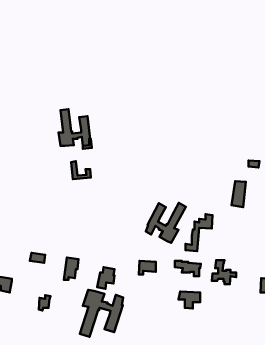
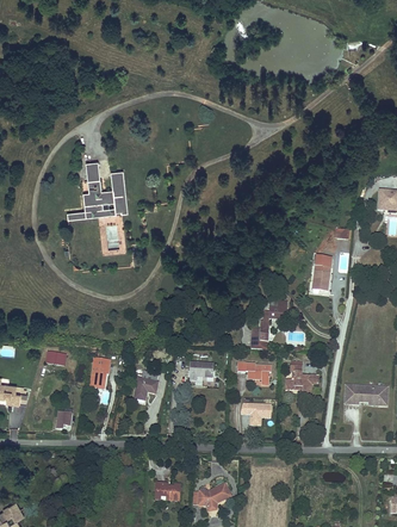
building: [146,203,186,243] -> none
building: [80,290,123,337] -> none

